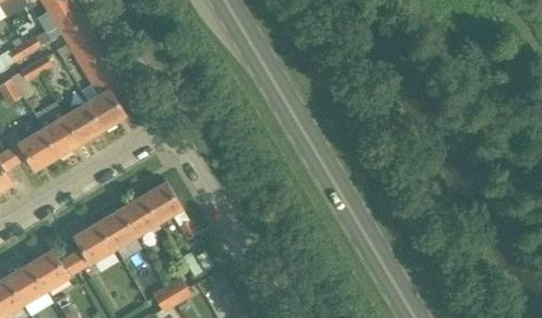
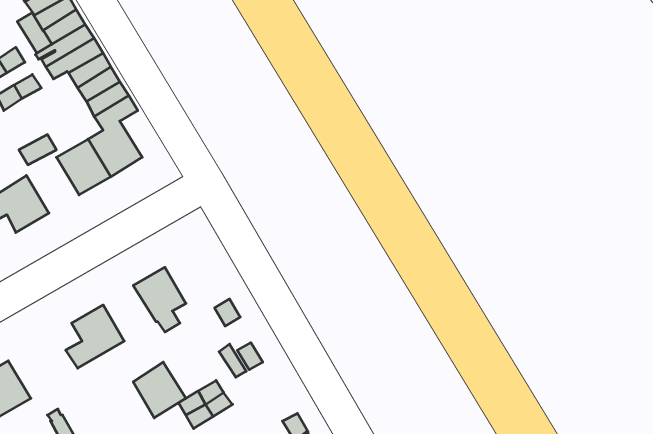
building: [42,117,80,157] -> none
building: [142,182,181,223] -> none
building: [97,210,136,250] -> [133,362,186,418]
building: [28,250,79,292] -> none

